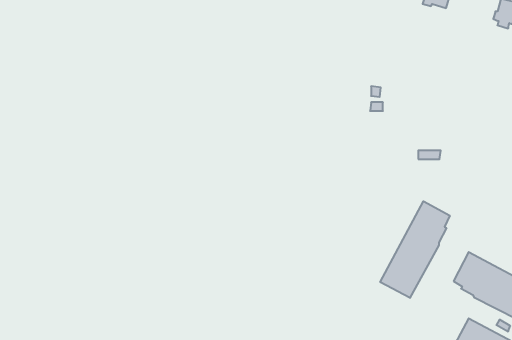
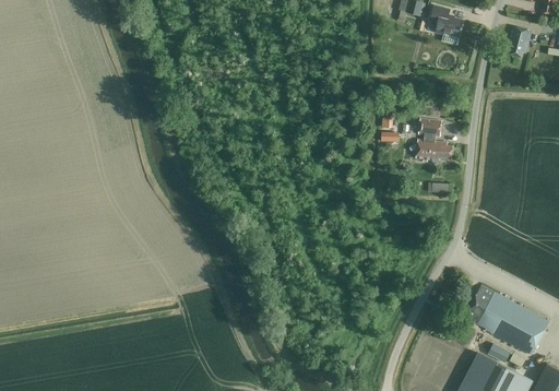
building: none -> [417,117,453,162]
building: [380,201,450,298] -> none

